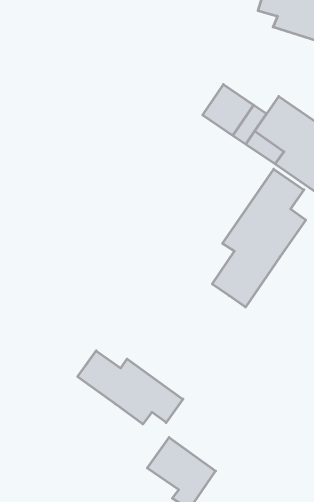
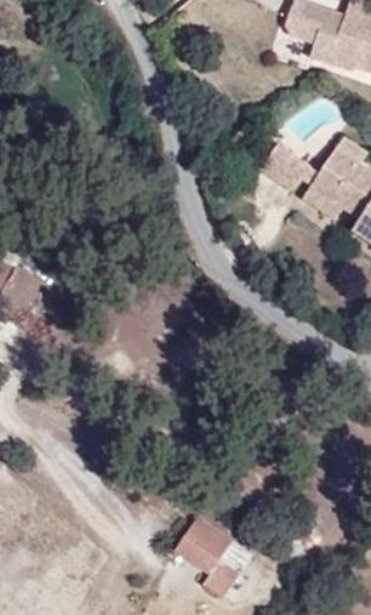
building: [212,169,306,307] -> none
building: [78,351,183,424] -> none

